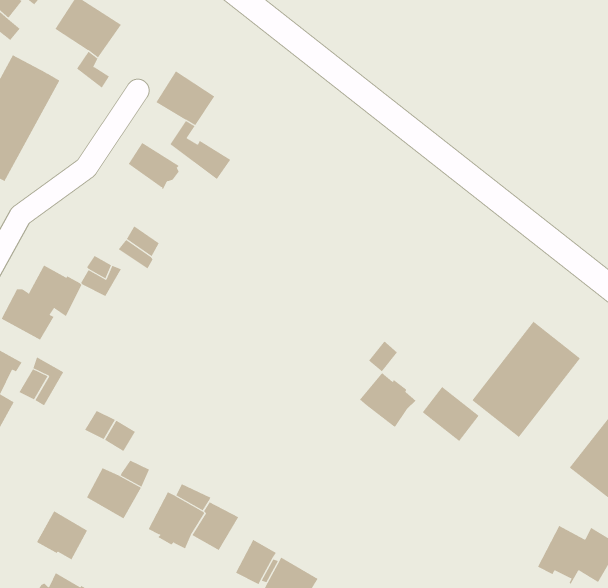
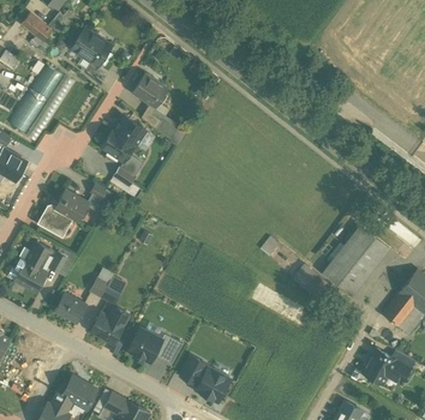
building: none -> [101,128,136,162]
building: [359,372,417,427] -> none
building: [36,511,88,560] -> [54,293,85,323]

